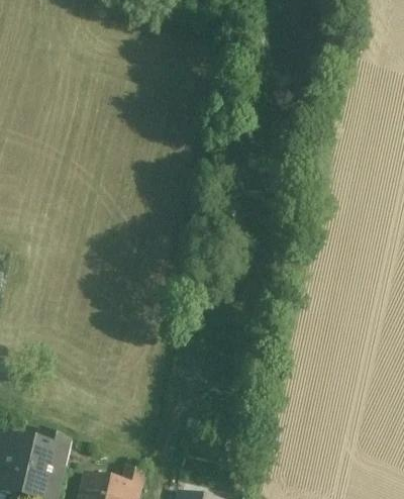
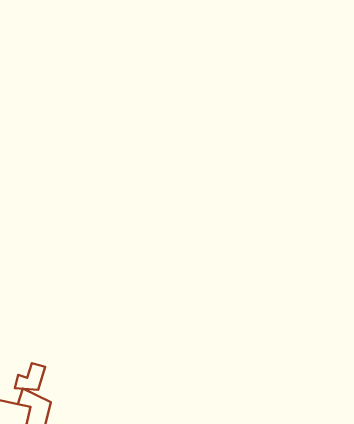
building: none -> [15,363,45,390]

